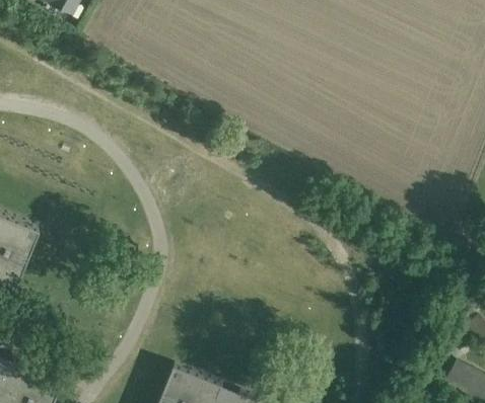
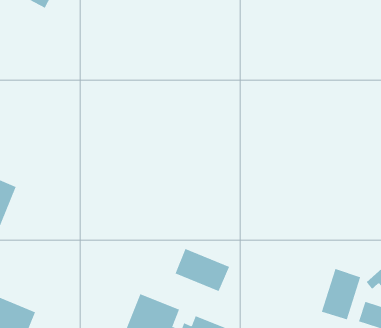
building: none -> [175,248,230,292]
building: none -> [321,268,361,320]

